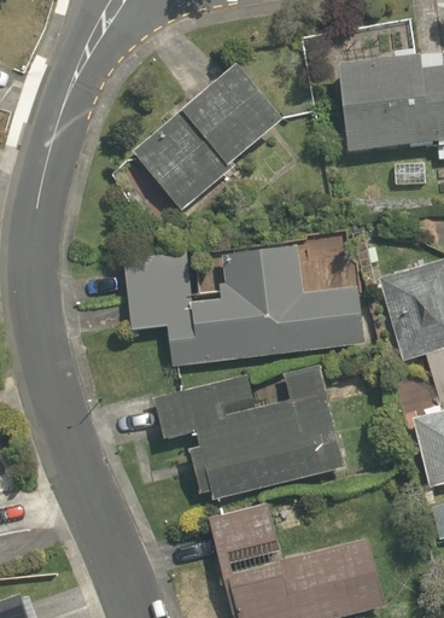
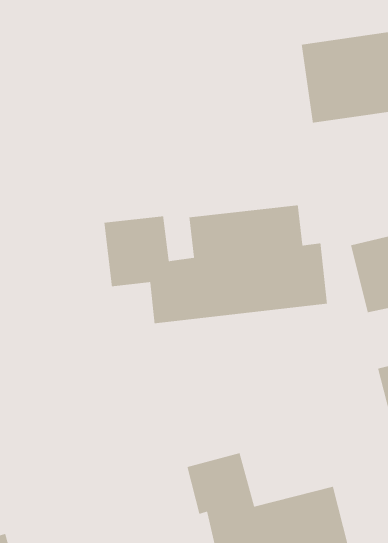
building: [129,65,276,209] -> none
building: [151,361,345,507] -> none

